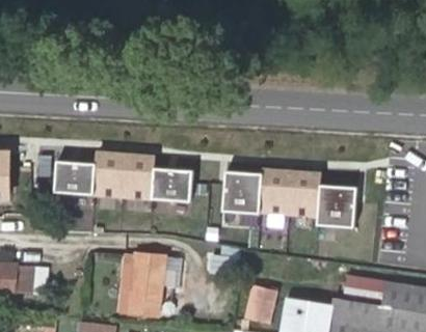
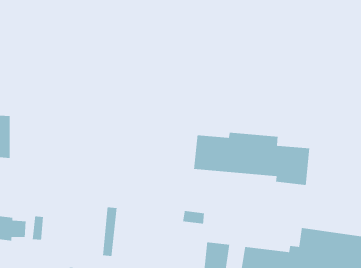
building: [58,148,194,211] -> none
building: [130,254,164,314] -> none

